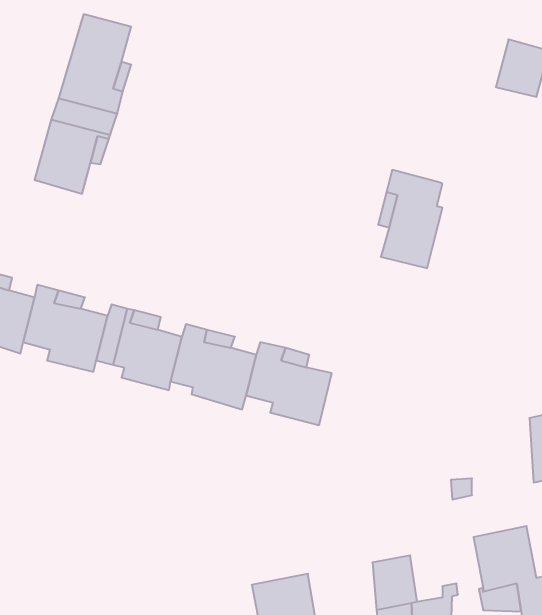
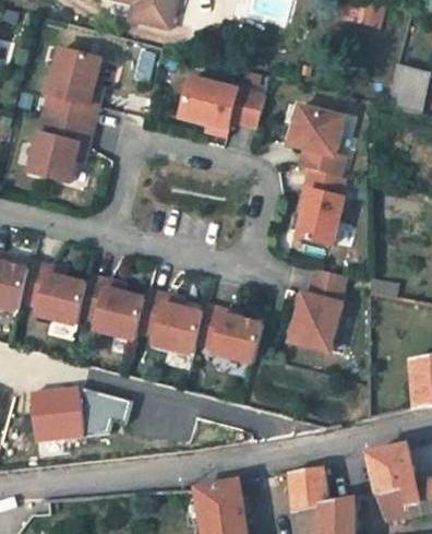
building: none -> [176,79,260,131]
building: none -> [292,105,349,177]
building: none -> [286,266,341,352]
building: none -> [28,387,123,438]

